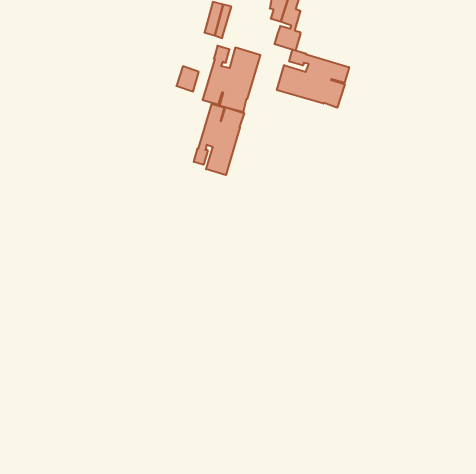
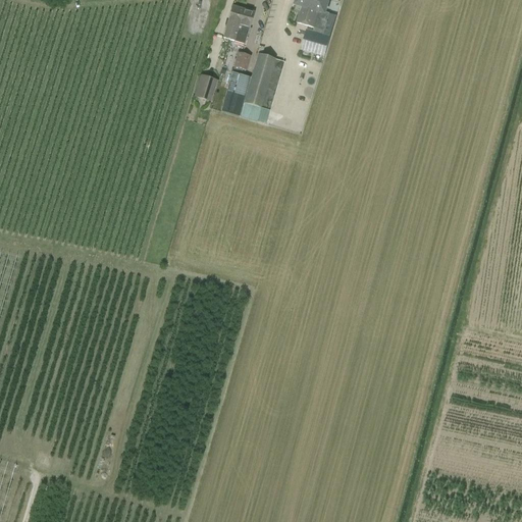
building: [277,49,349,108] -> none
building: [194,104,244,175] -> none

